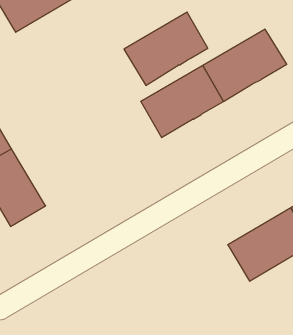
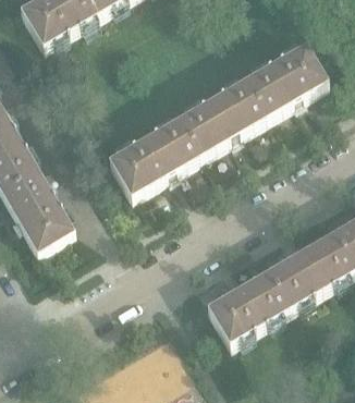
building: [124,12,208,85] -> [108,118,196,195]
building: none -> [206,269,289,342]

